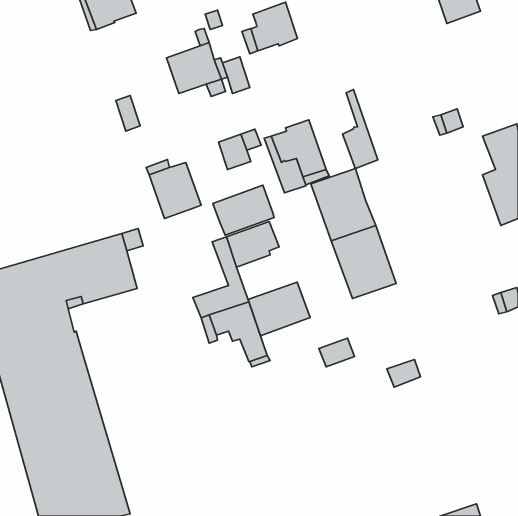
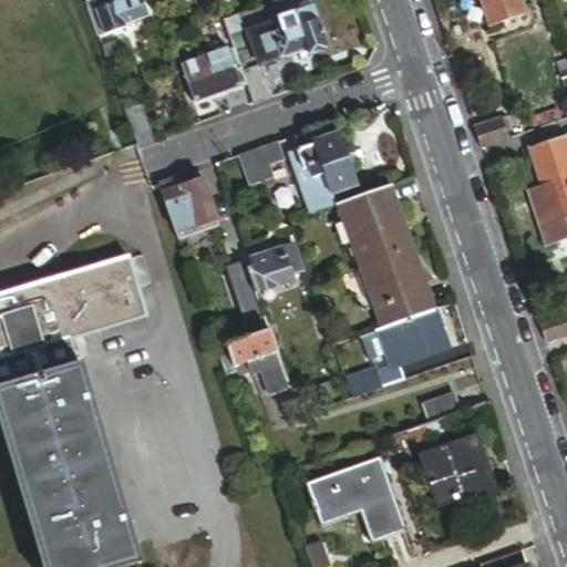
building: [342,89,378,169] -> none
building: [213,185,274,235] -> none
building: [248,282,310,336] -> [379,309,446,368]
building: none -> [415,424,491,496]
building: none -> [307,457,405,544]

